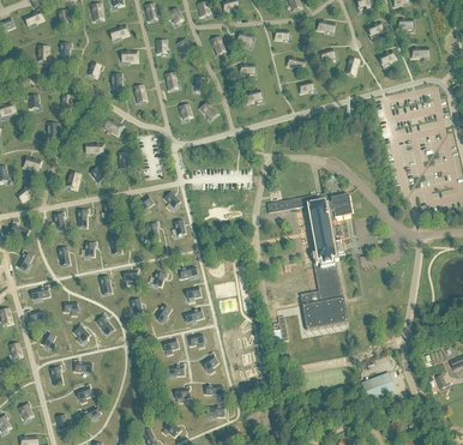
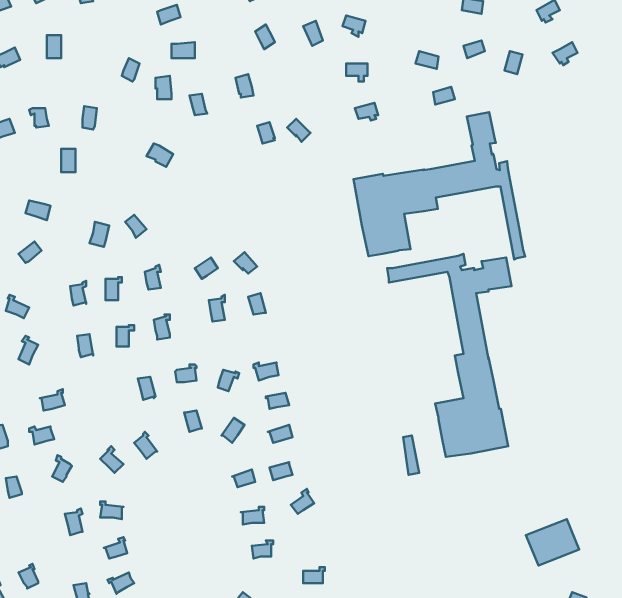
building: none -> [353,112,525,260]

